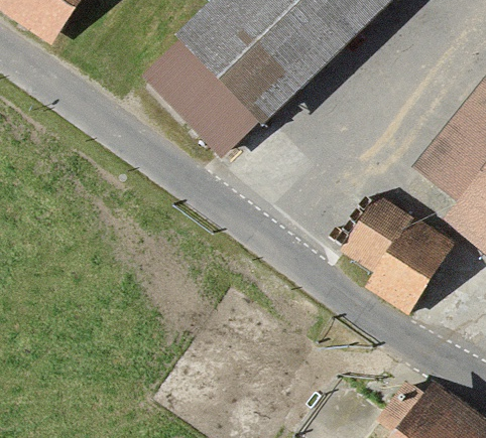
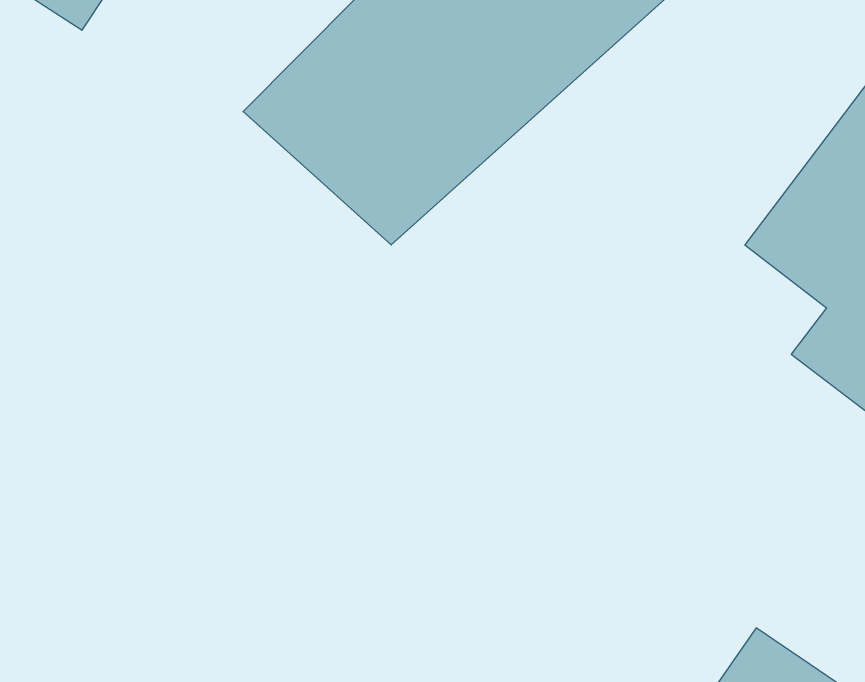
building: [339,188,456,307] -> none

